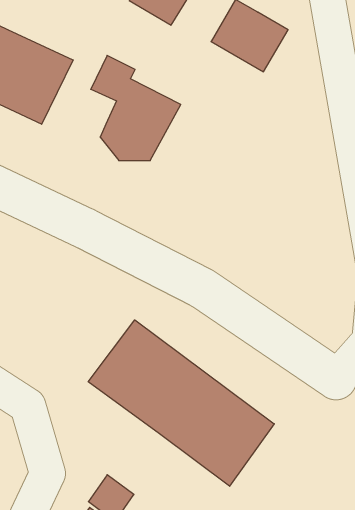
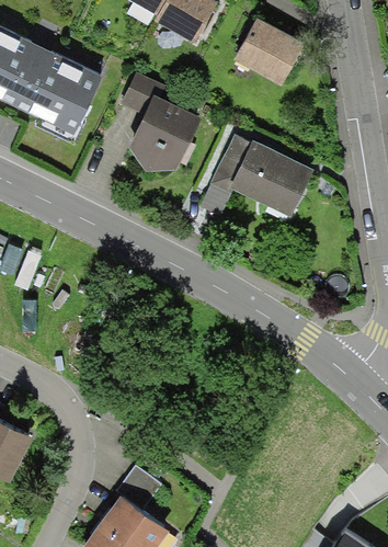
building: none -> [199,133,315,218]
building: [88,320,274,486] -> none

